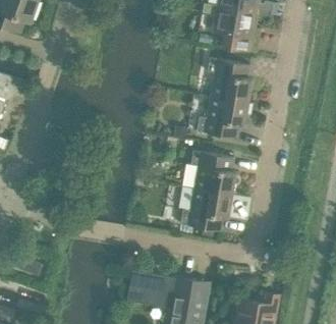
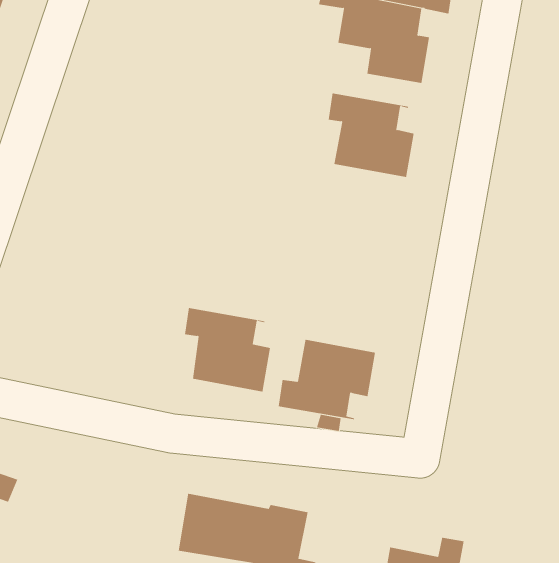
building: [197,96,248,139] -> none
building: [190,151,236,196] -> [184,308,271,392]

